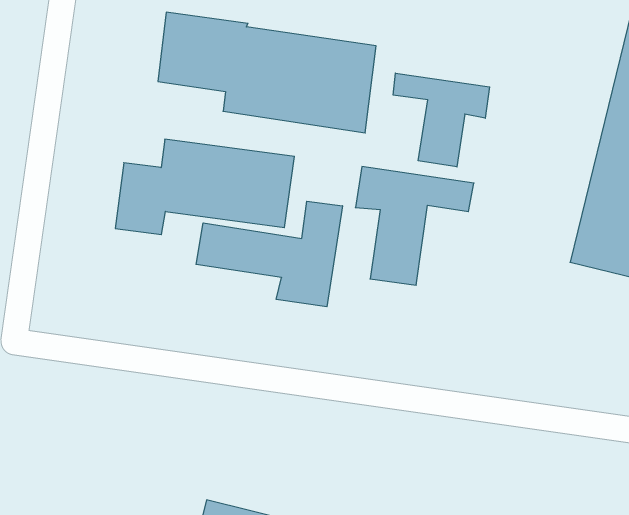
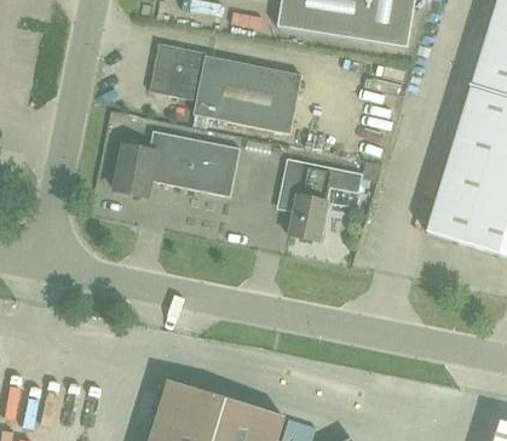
building: [393,73,490,167] -> none
building: [196,201,342,307] -> none

